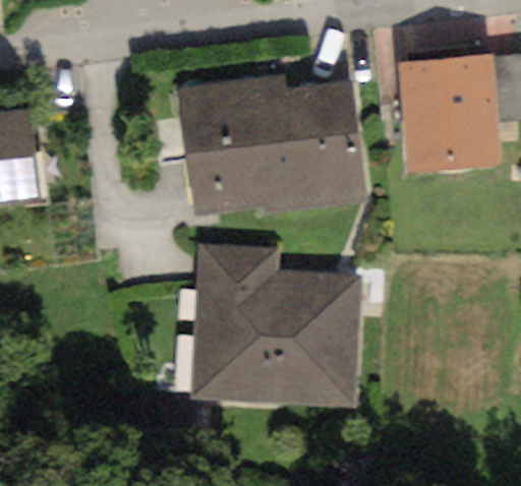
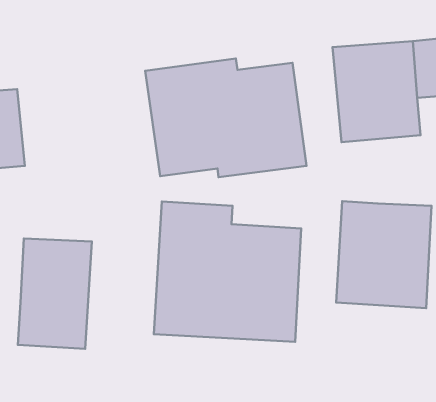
building: none -> [336,201,431,308]
building: none -> [18,239,92,349]

